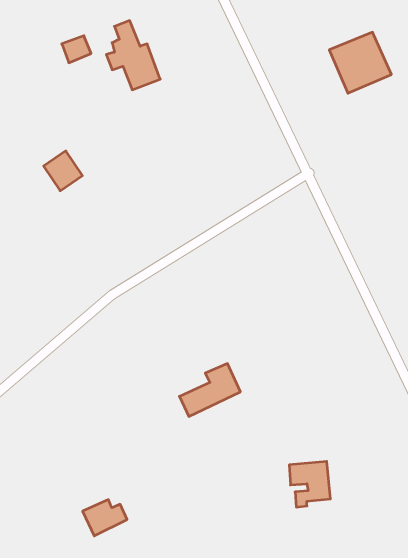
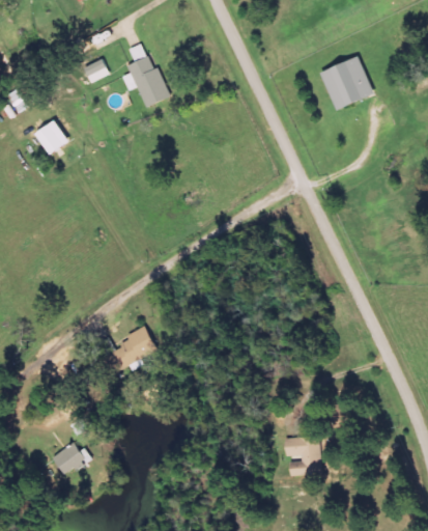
building: [44,151,82,191] -> [34,119,68,155]
building: [179,364,240,416] -> [103,327,156,373]
building: [83,500,127,536] -> [52,444,91,476]

